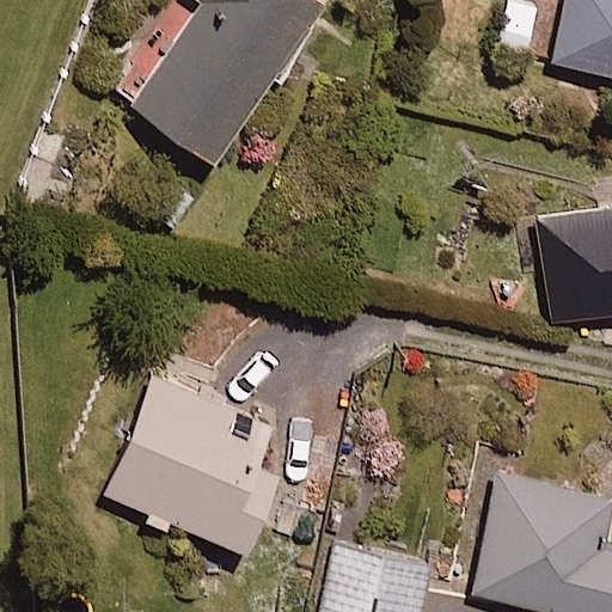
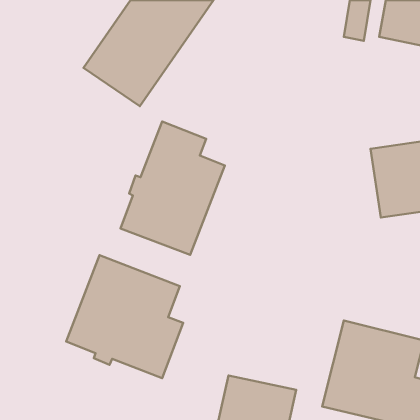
building: none -> [121,121,225,255]

